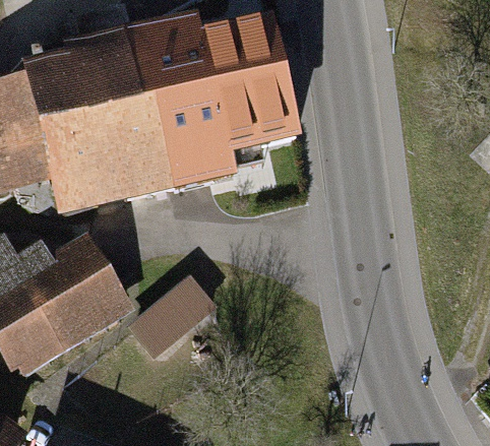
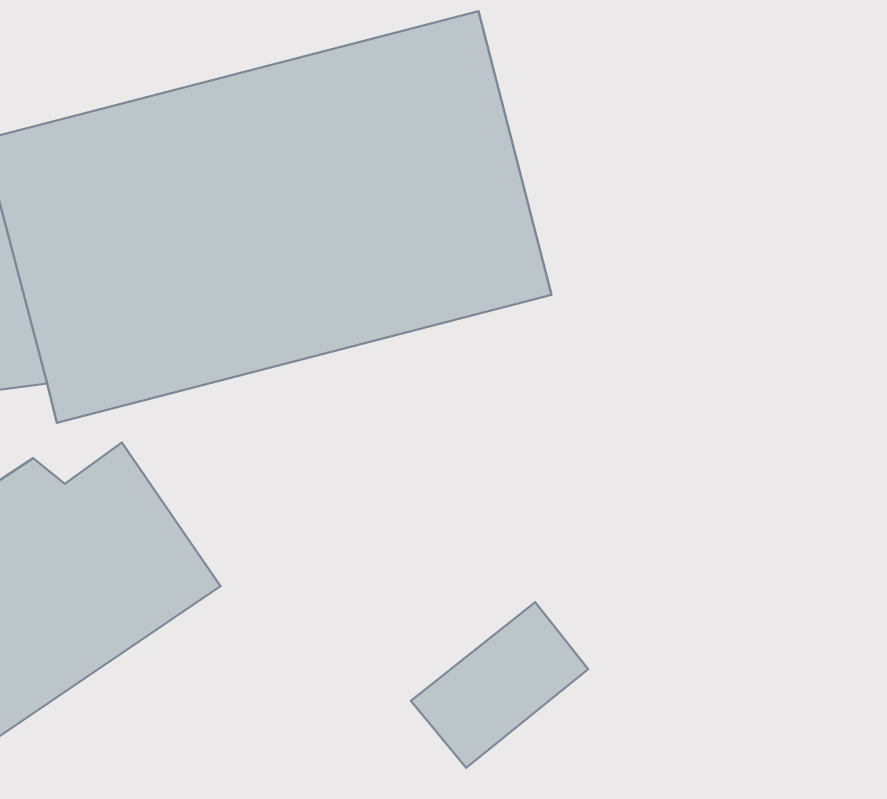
building: [130,264,222,349] -> [411,602,588,768]

